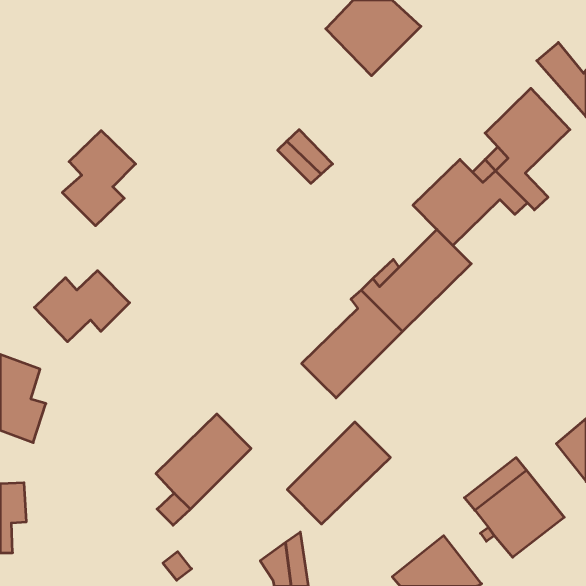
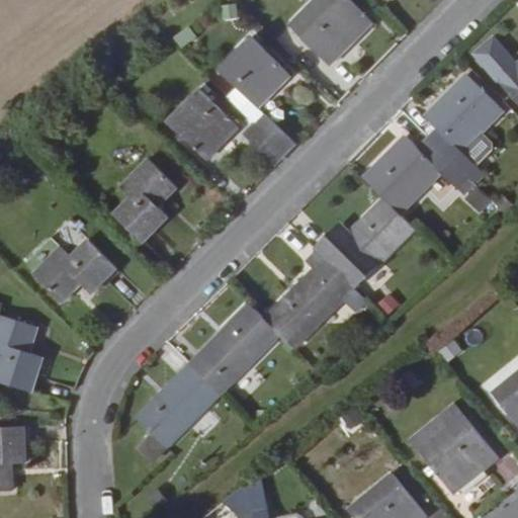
building: none -> [217,36,288,106]
building: none -> [166,87,237,158]
building: [62,131,136,226] -> [111,157,176,241]
building: [287,422,390,524] -> [191,306,282,396]

